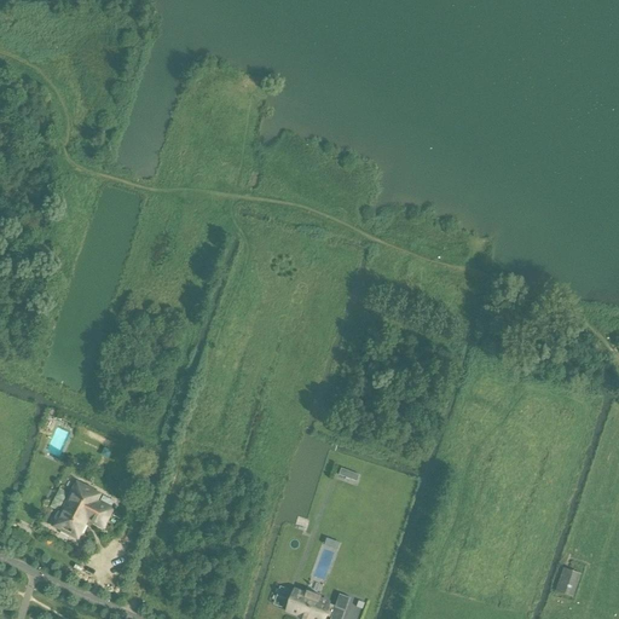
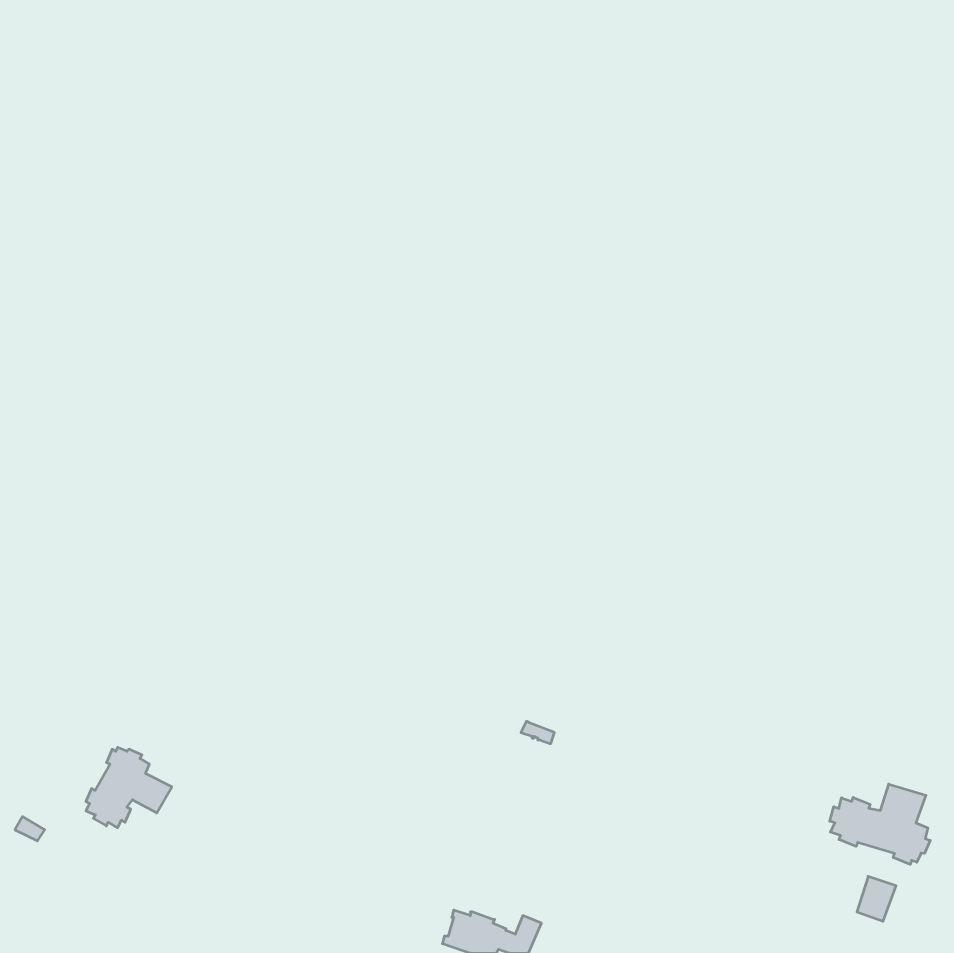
building: none -> [830,784,930,864]

